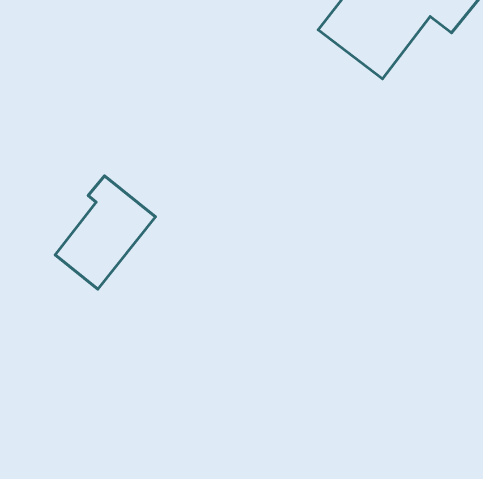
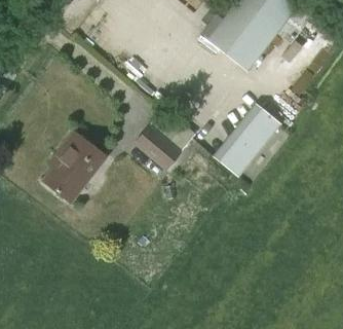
building: none -> [218,107,277,174]
building: none -> [134,124,180,168]

